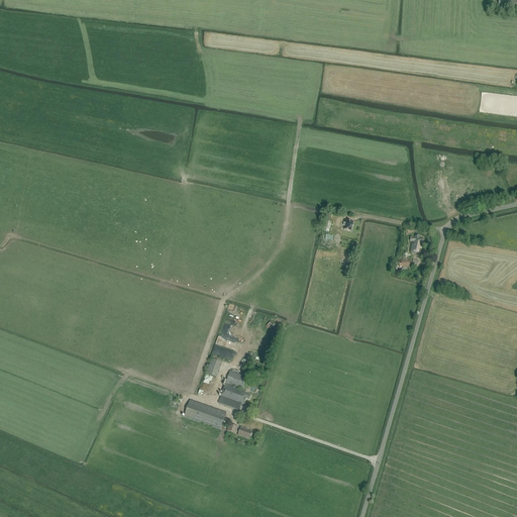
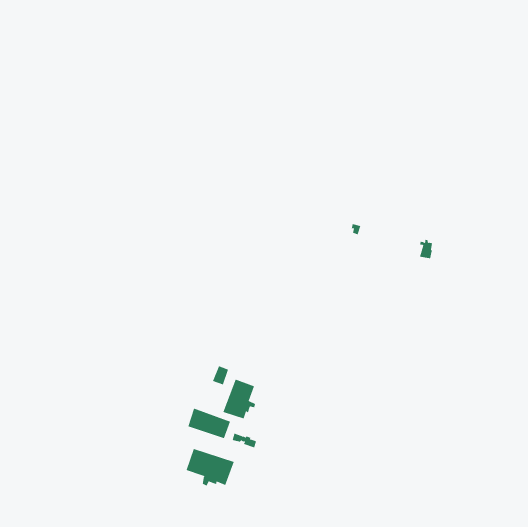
building: none -> [186,448,234,486]

